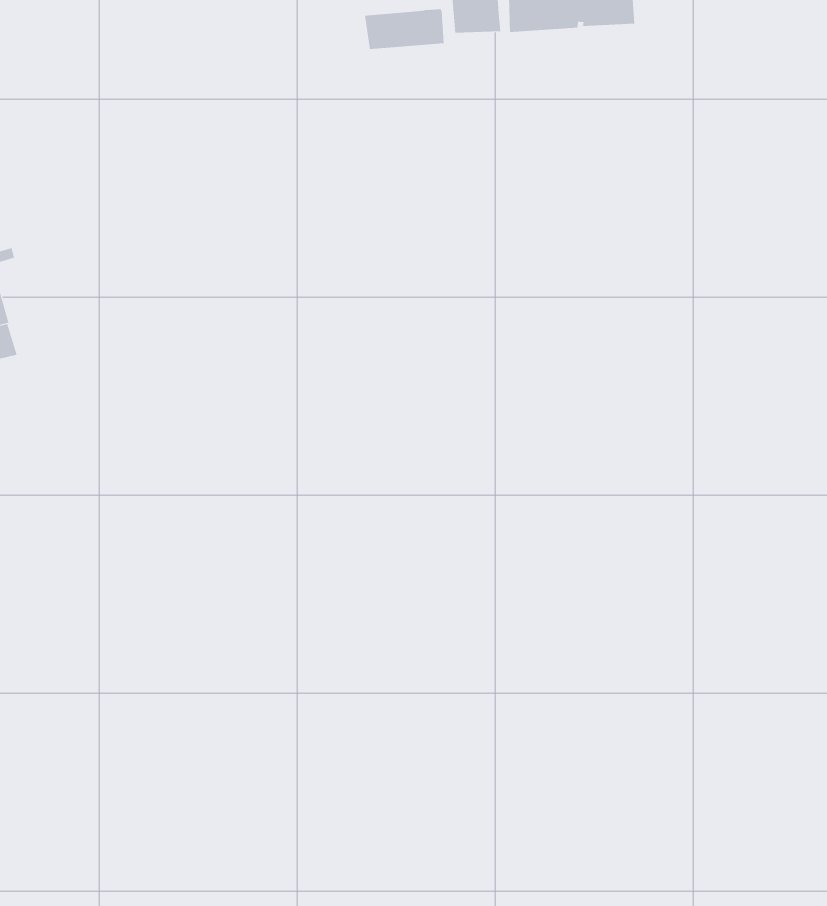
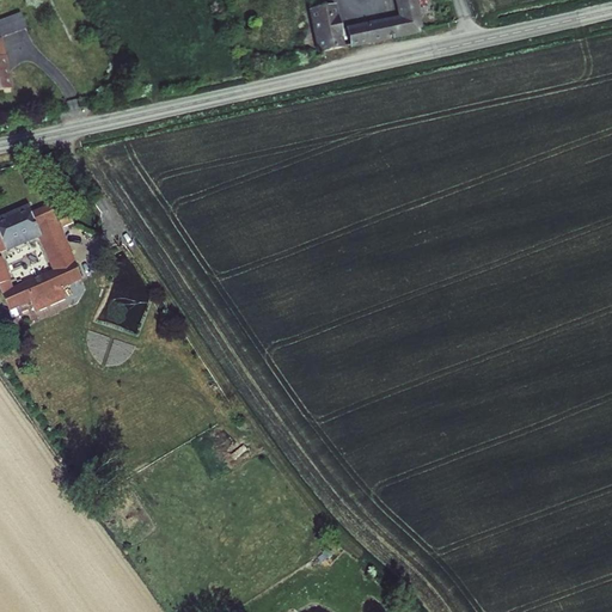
building: [365,9,444,50] -> none

